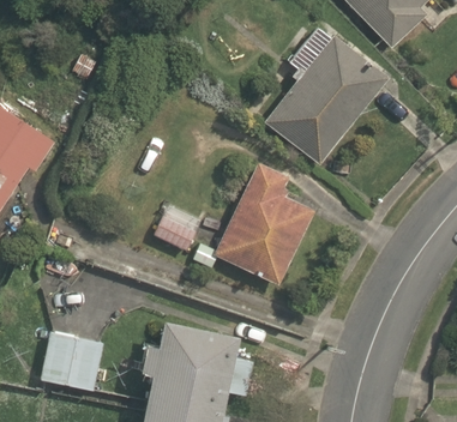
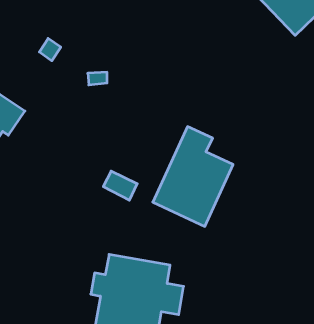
building: [266,32,389,164] -> none
building: [43,333,103,390] -> none

